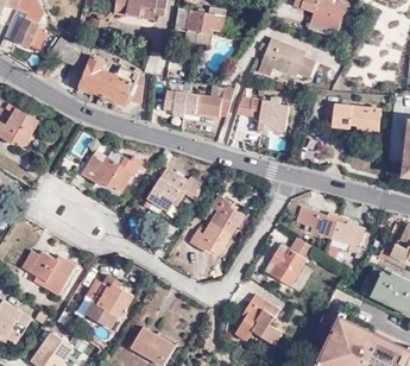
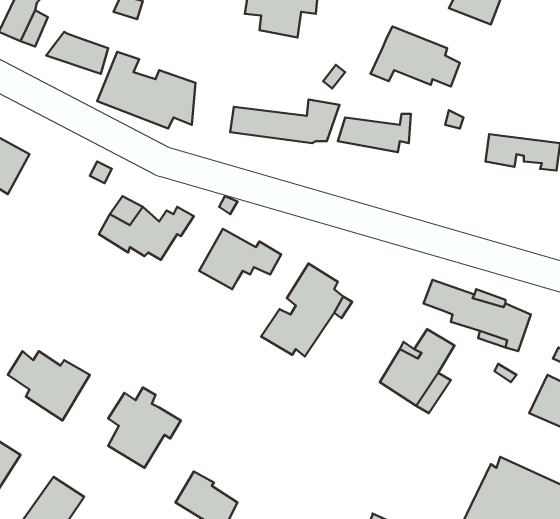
building: [232,294,278,343] -> none

